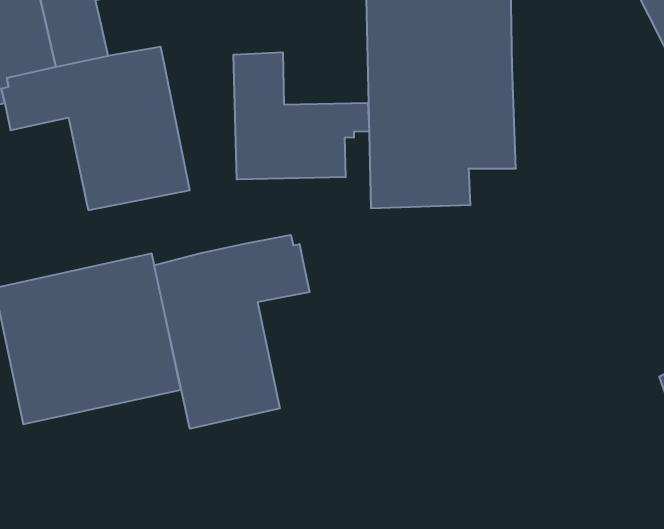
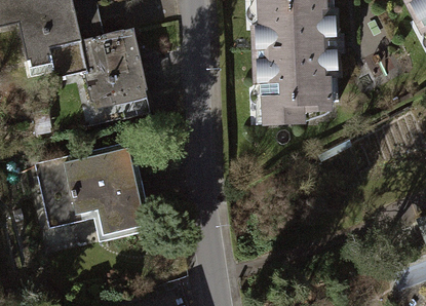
building: [234,52,369,180] -> none
building: [154,235,310,429] -> none

